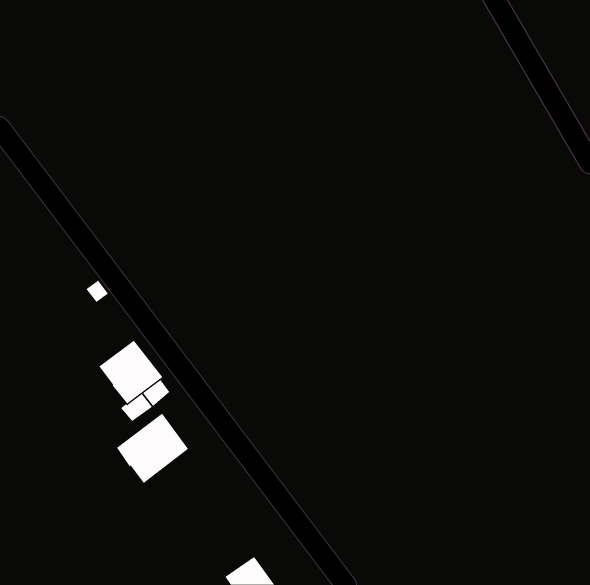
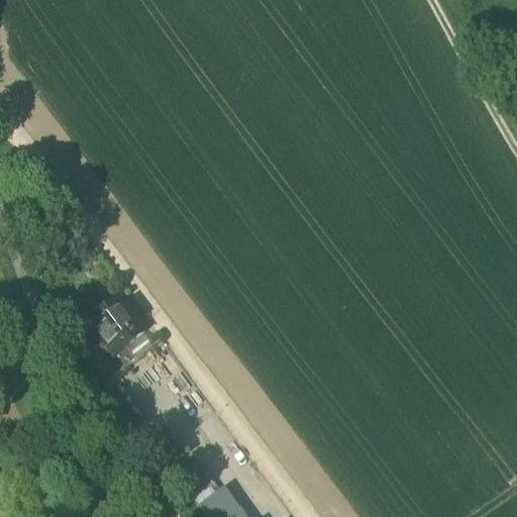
building: [116,413,189,484] -> none

